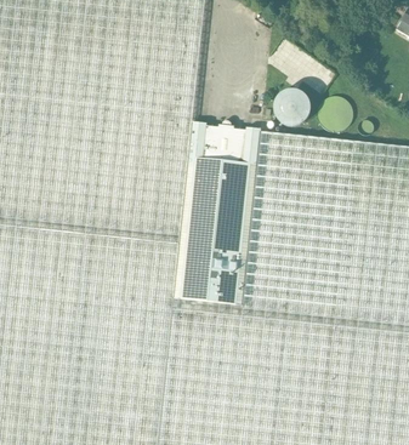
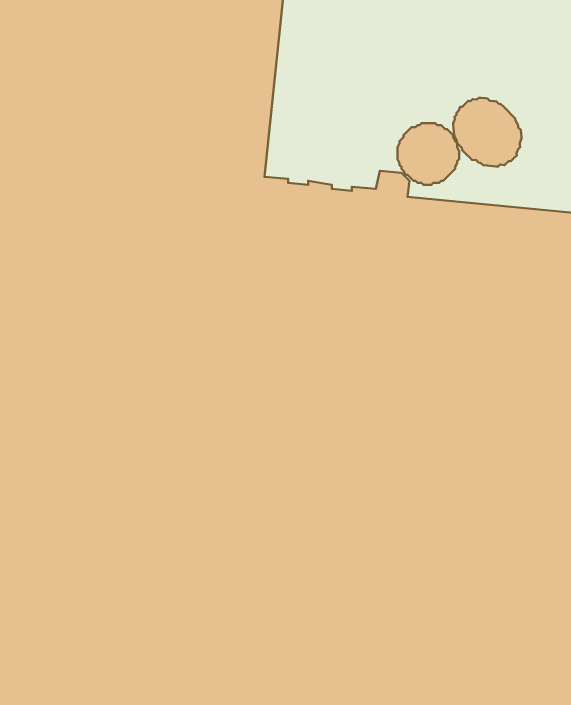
building: none -> [453,98,522,167]

